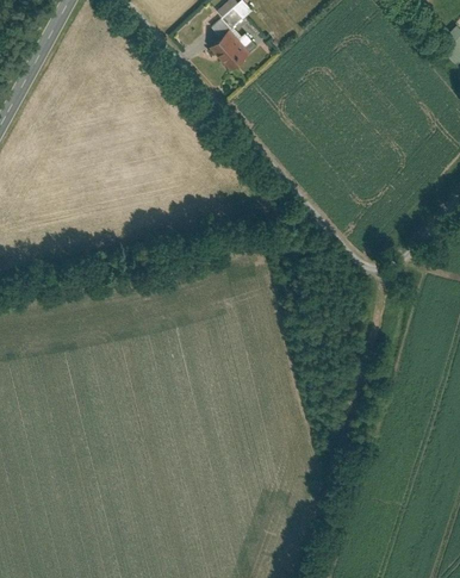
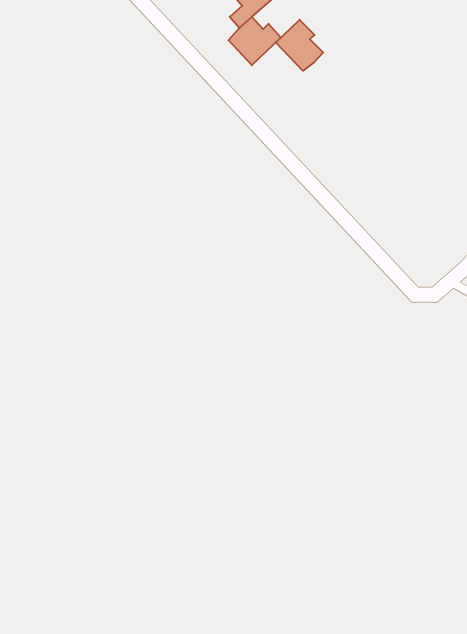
building: none -> [276,20,323,71]

